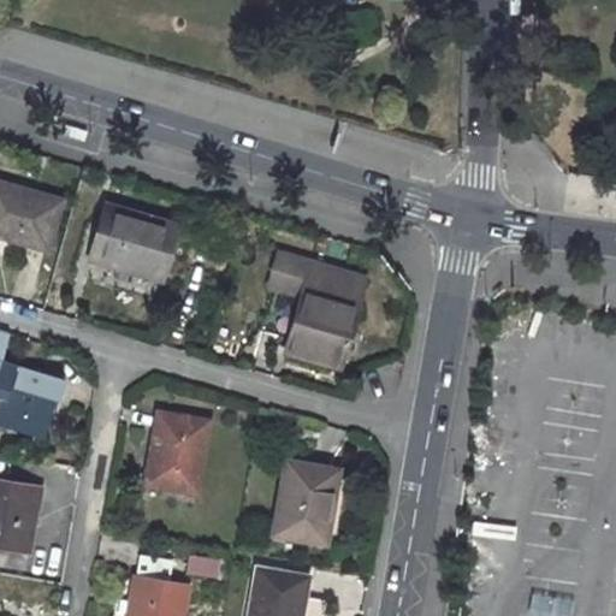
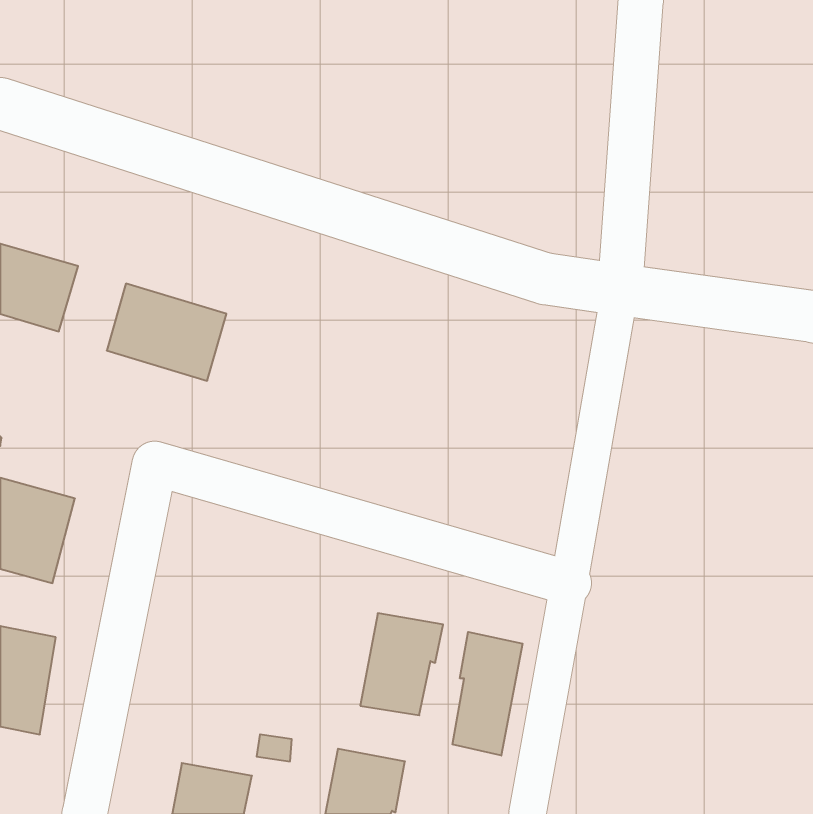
building: [262,256,365,366] -> none
building: [146,411,206,491] -> none
building: none -> [452,632,523,756]

